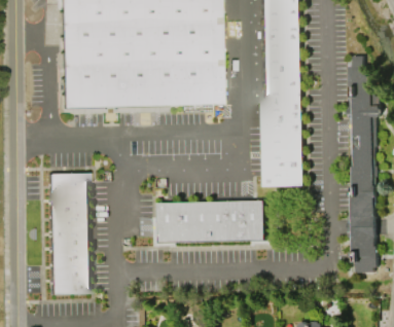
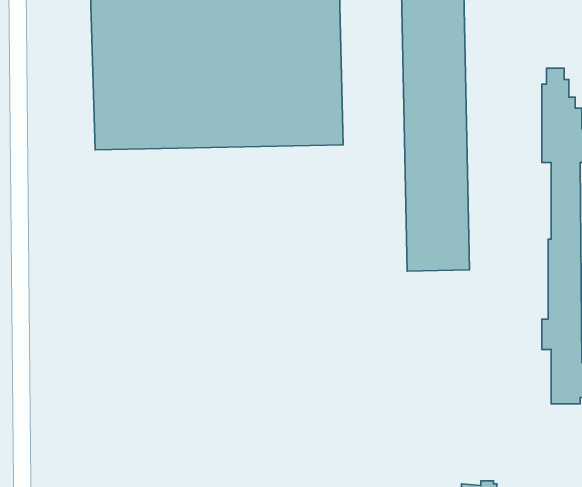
building: [47,173,89,294] -> none
building: [157,199,264,243] -> none

